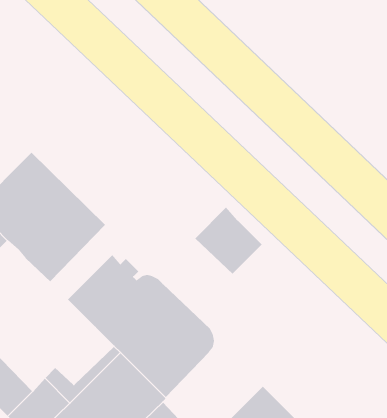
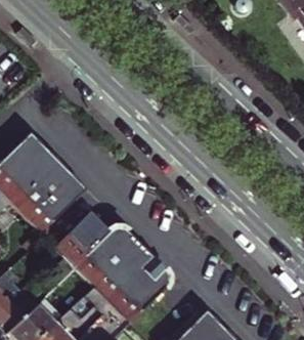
building: [195,207,262,275] -> none

